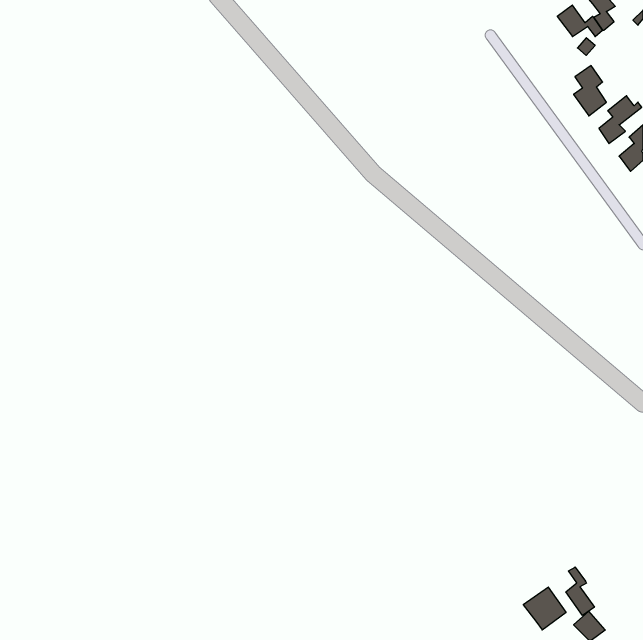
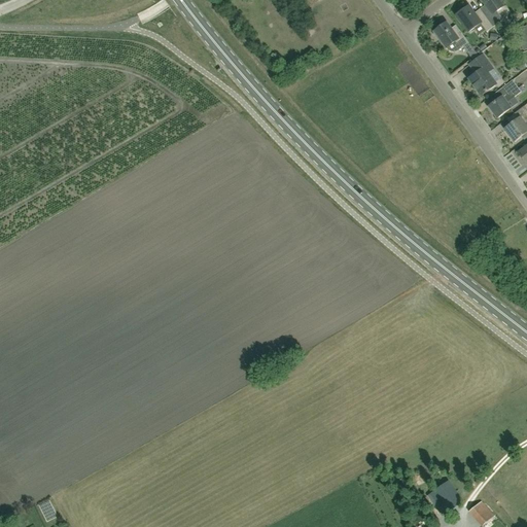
building: none -> [433,21,467,50]
building: [566,567,594,615] -> none

